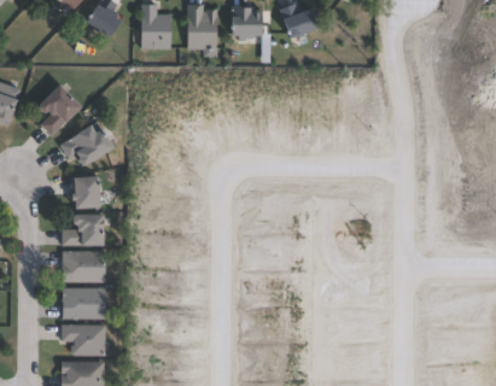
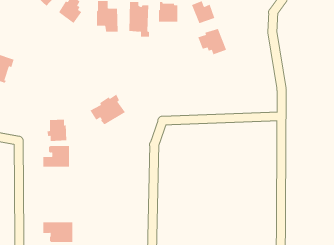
building: none -> [198,28,227,55]
building: [36,82,80,135] -> none
building: [60,119,113,164] -> [89,94,126,125]
building: [63,251,107,281] -> none
building: [63,287,106,318] -> none

